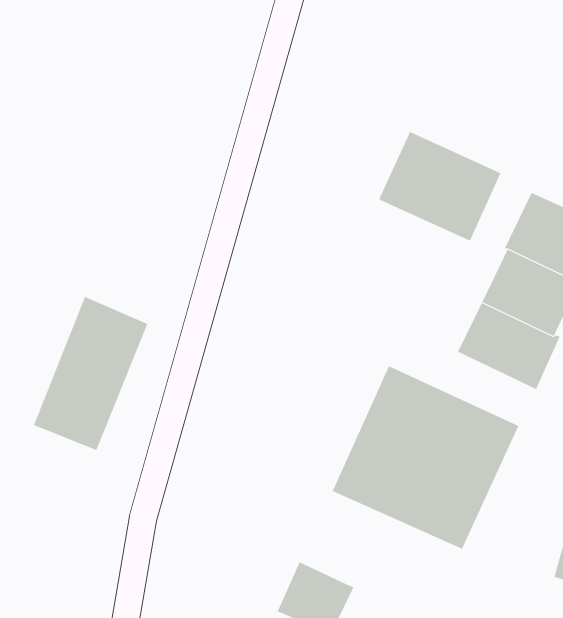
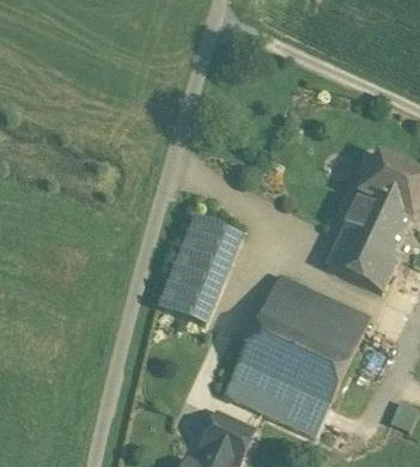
building: [379,131,501,242] -> none
building: [33,296,148,451] -> [159,217,239,325]
building: none -> [224,363,330,437]

